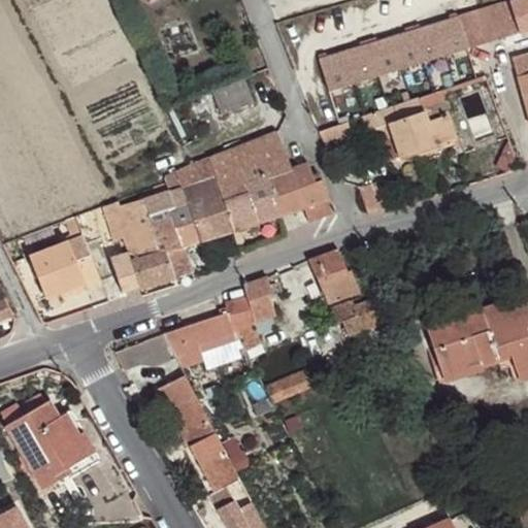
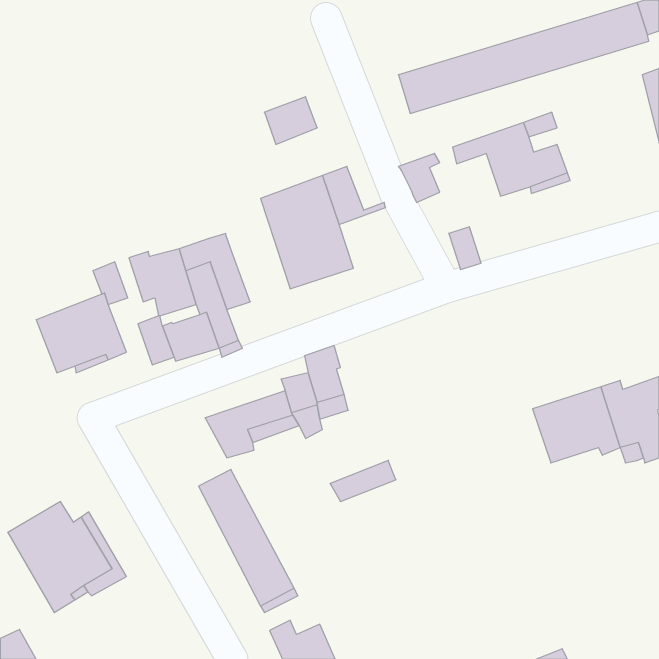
building: [163,159,232,241] -> none
building: [271,166,333,222] -> none
building: [308,250,359,303] -> none
building: [328,299,381,336] -> none
building: [114,334,175,369] -> none

